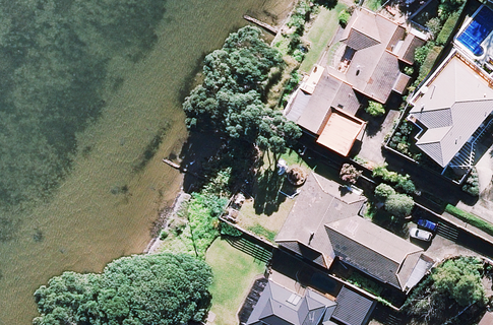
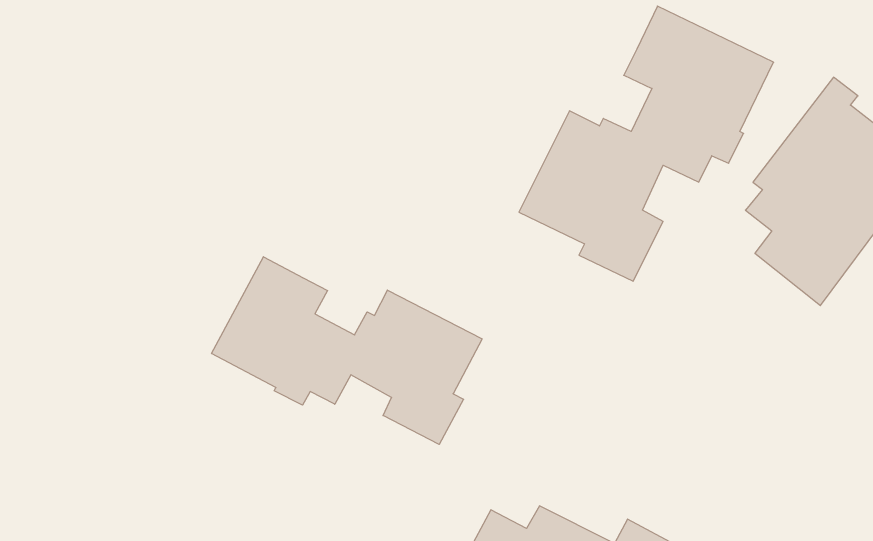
building: none -> [212,257,482,444]
building: [273,174,423,291] -> none

